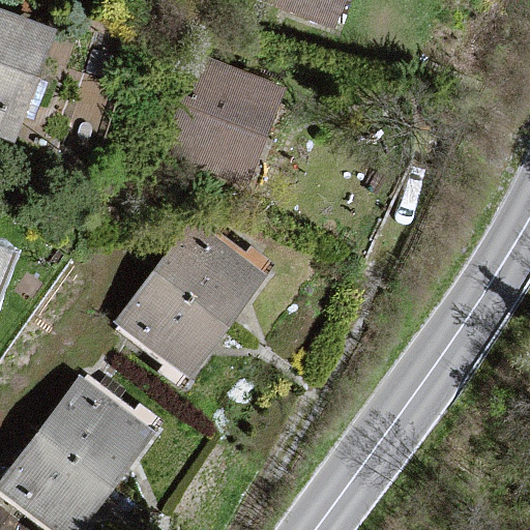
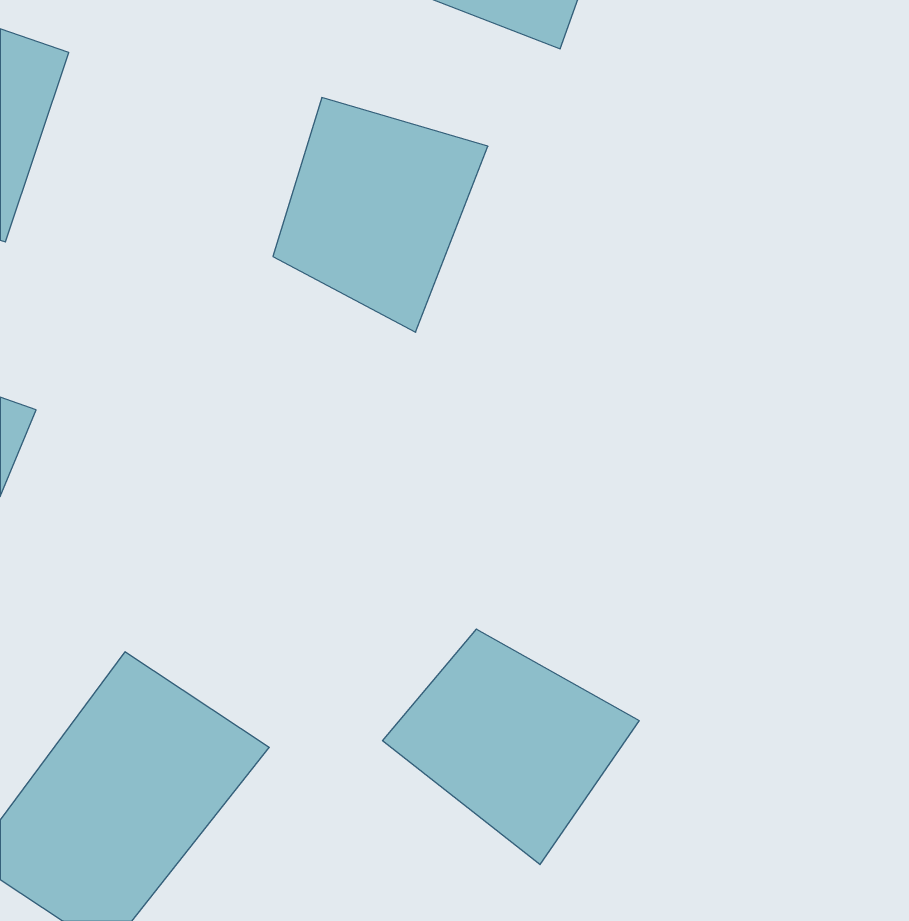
building: [108,207,275,389] -> none
building: none -> [383,629,639,865]

